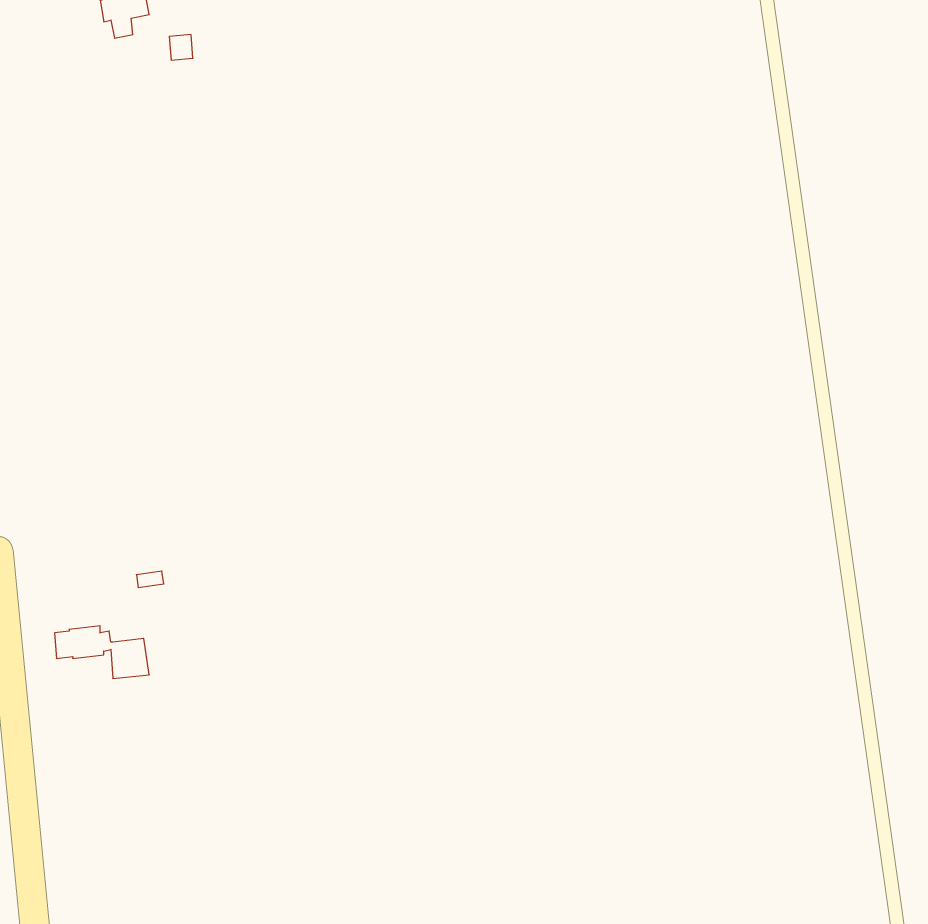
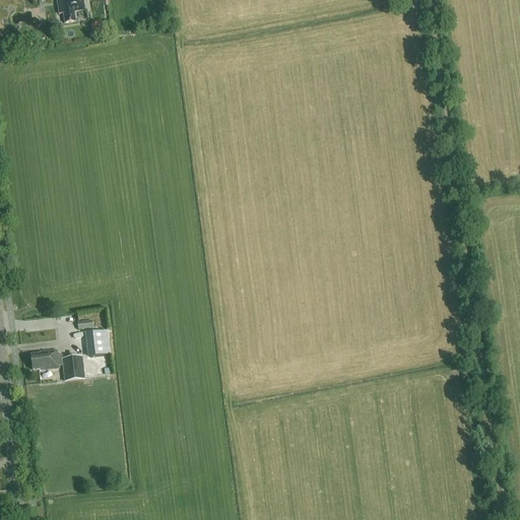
building: none -> [87,331,109,355]

